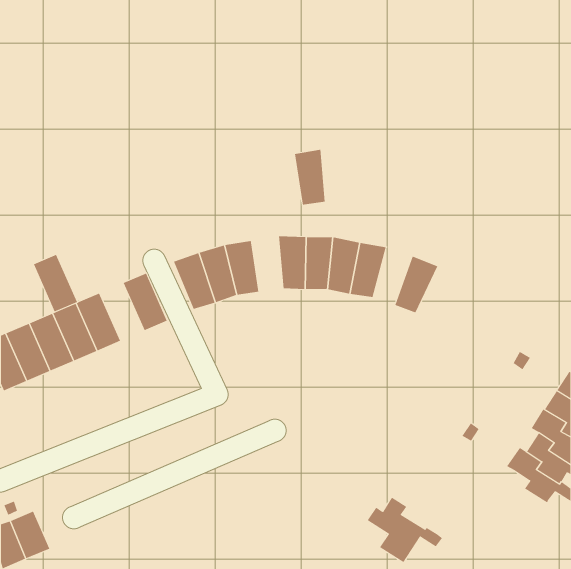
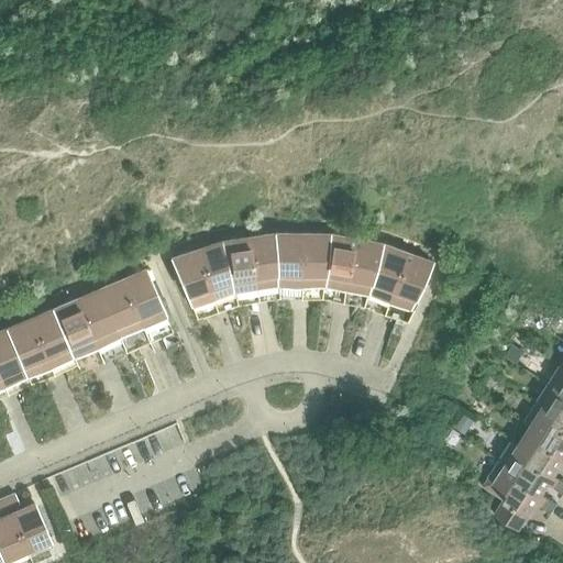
building: [294,149,326,205] -> [247,234,278,289]
building: none -> [367,245,406,302]
building: [33,254,78,312] -> [98,280,142,338]
building: [367,497,443,563] -> [482,465,556,530]

